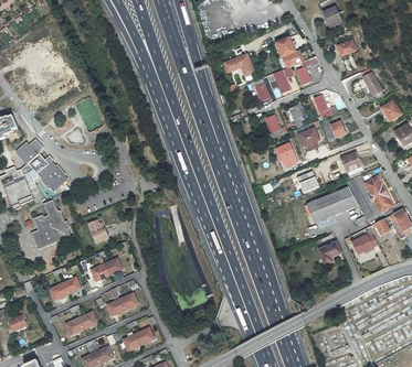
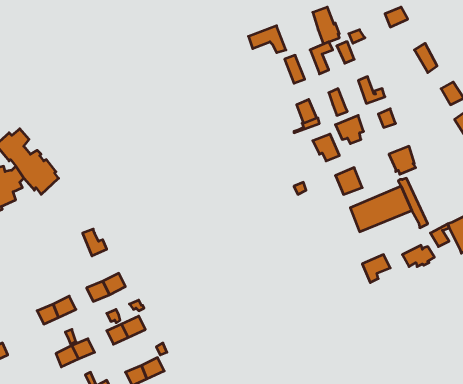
building: [365,176,392,213] -> none
building: [31,199,70,248] -> none

